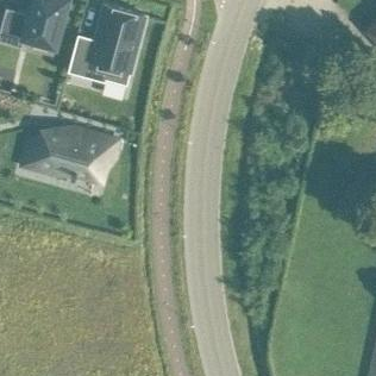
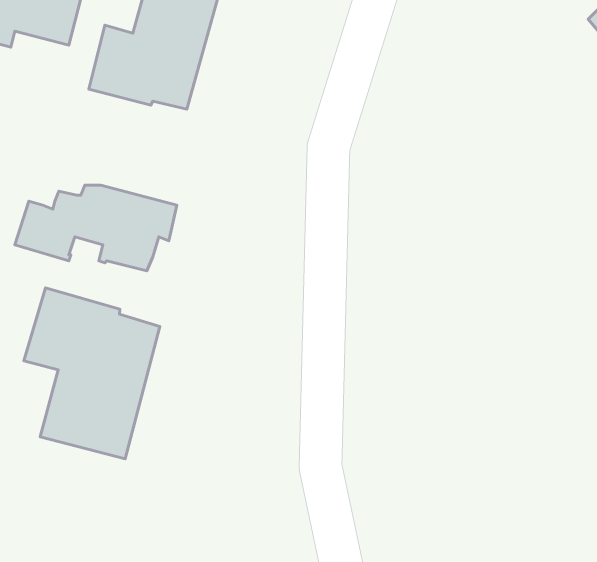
building: none -> [24,288,160,459]

